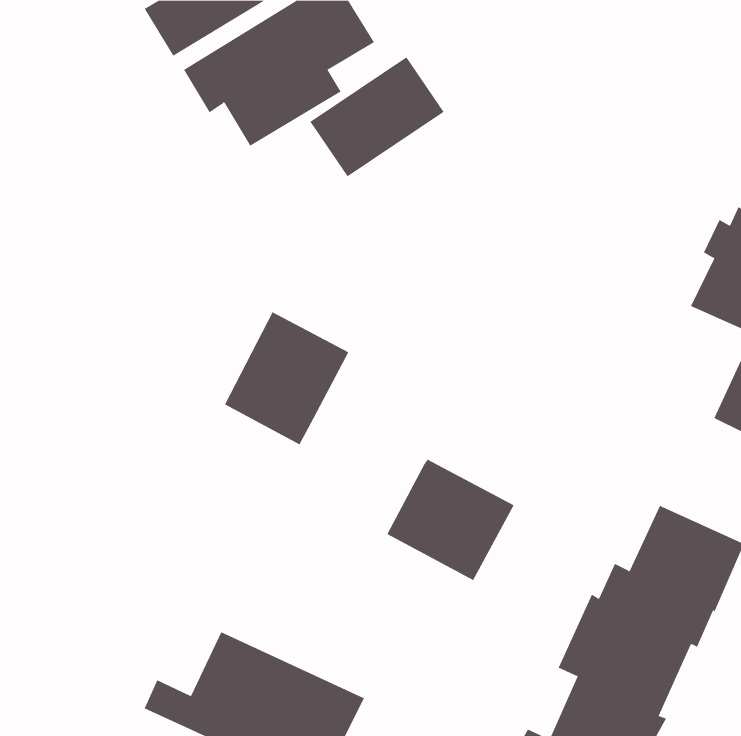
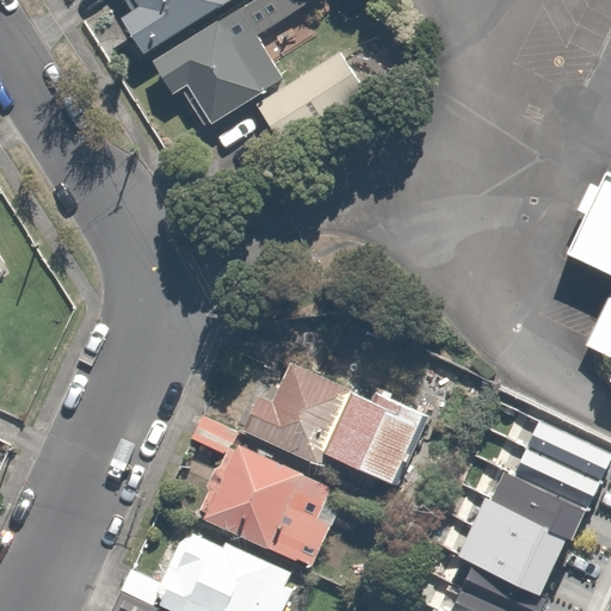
building: [224,312,349,445] -> [247,352,350,462]
building: none -> [190,414,347,569]

